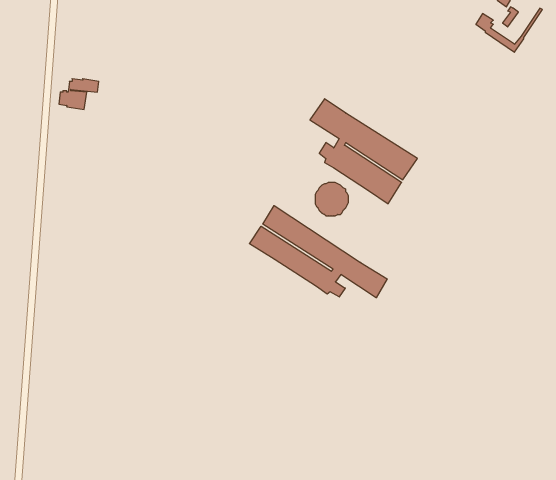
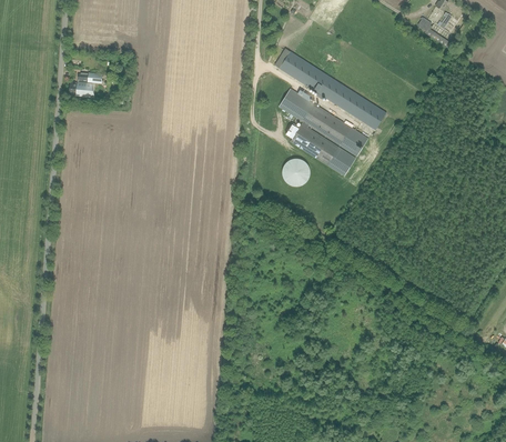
building: none -> [280,51,386,129]
building: [249,206,387,298] -> none

